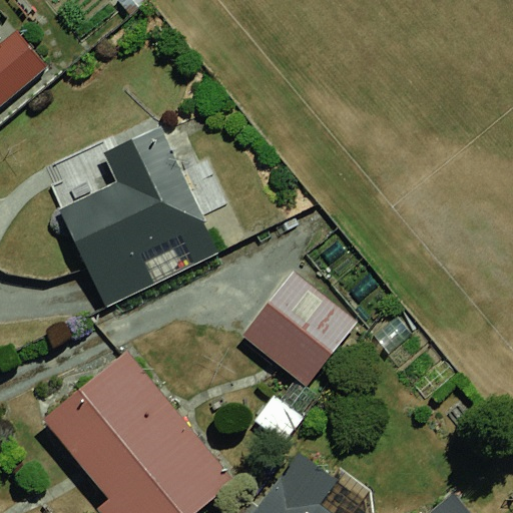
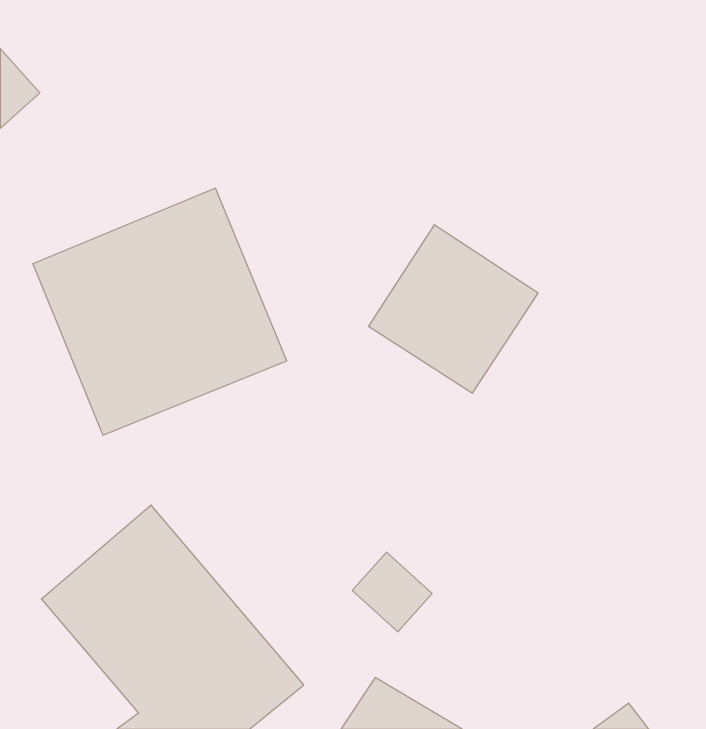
building: [237,269,357,387] -> [368,225,538,393]

